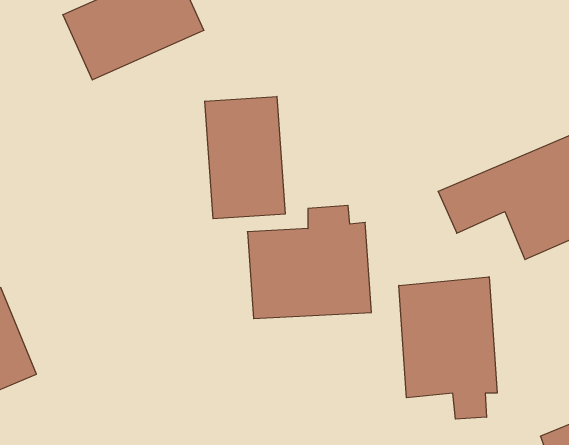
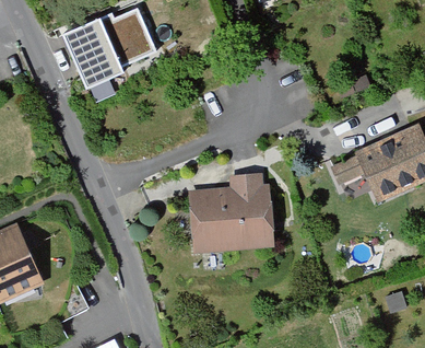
building: [205,96,285,219] -> none
building: [399,277,497,419] -> none

